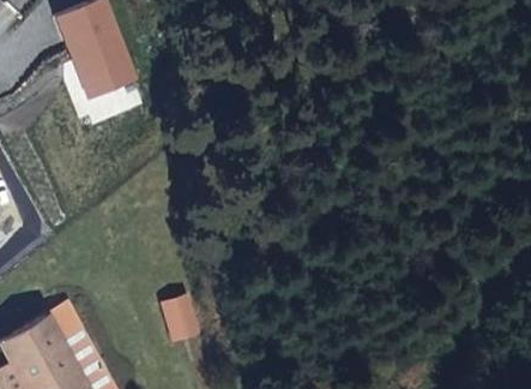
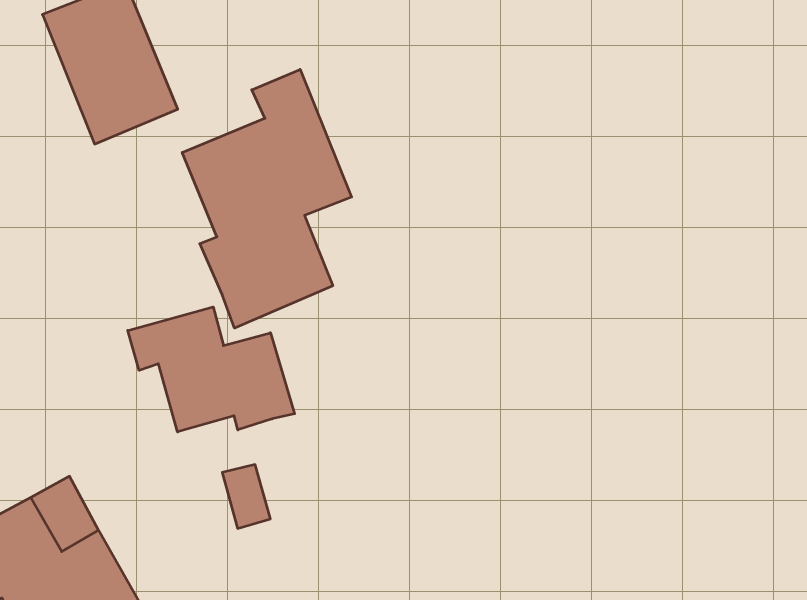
building: none -> [182,69,352,328]
building: none -> [128,307,295,432]

